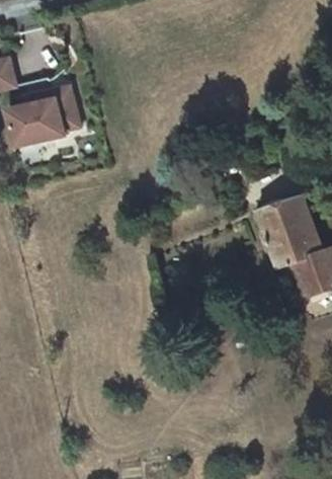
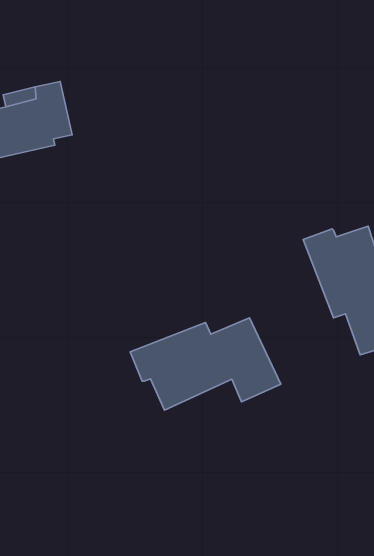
building: none -> [130,318,281,410]

